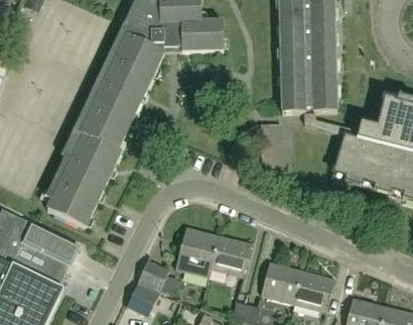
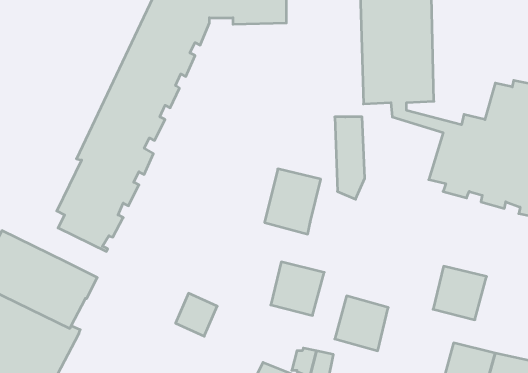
building: [175,227,219,278] -> [265,169,321,234]
building: [293,270,334,312] -> [433,266,487,320]
building: [126,285,158,316] -> none

